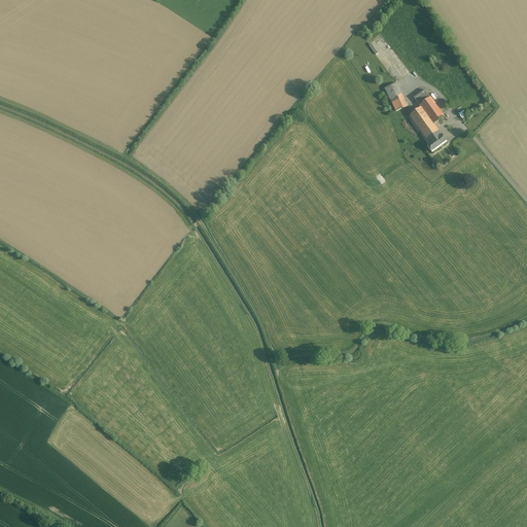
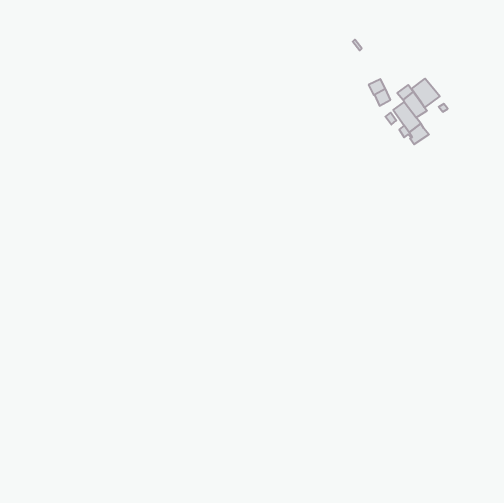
building: none -> [411,79,440,108]

